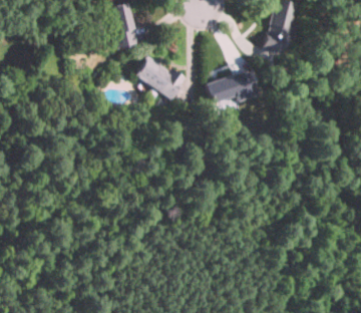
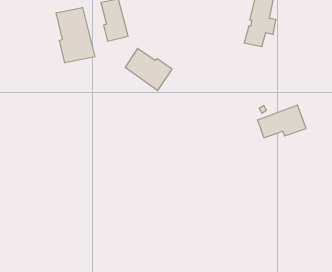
building: none -> [56,7,95,63]
building: [207,69,259,104] -> [257,105,306,138]

